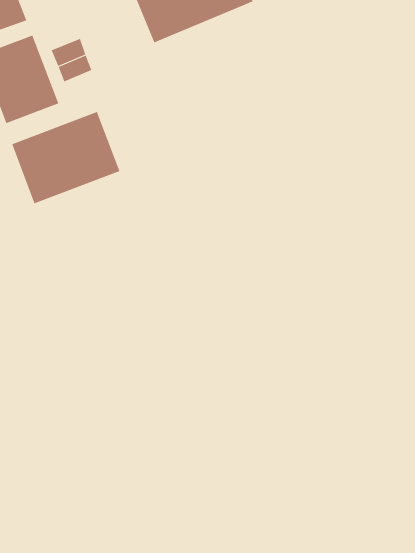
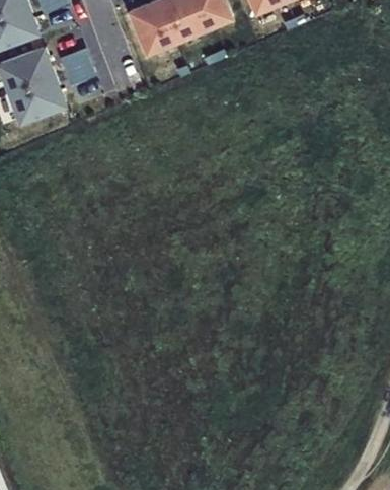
building: [11,111,120,204] -> none

